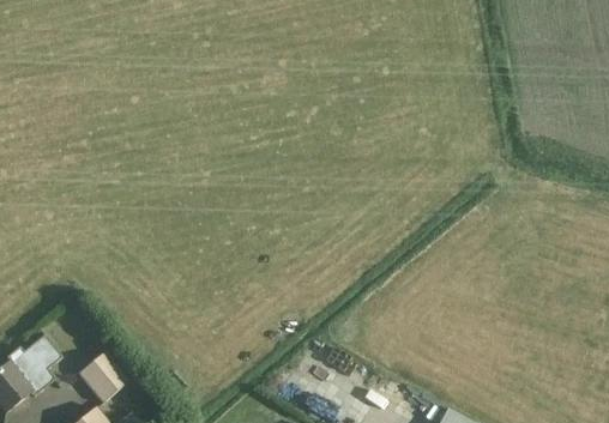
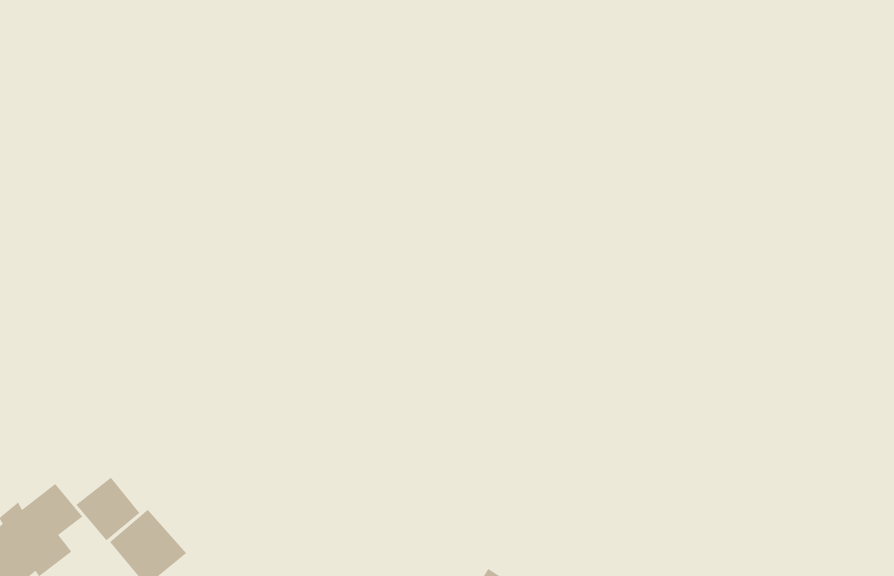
building: none -> [76,477,140,541]

